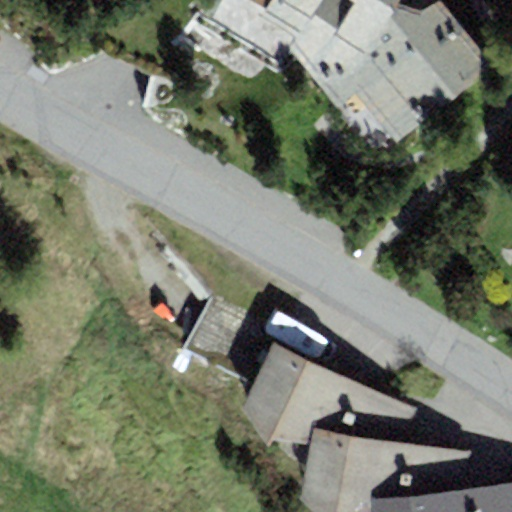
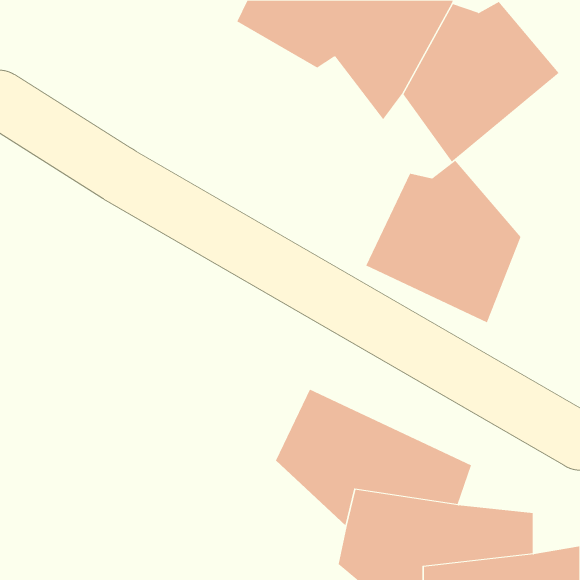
building: none -> [365,160,521,323]

